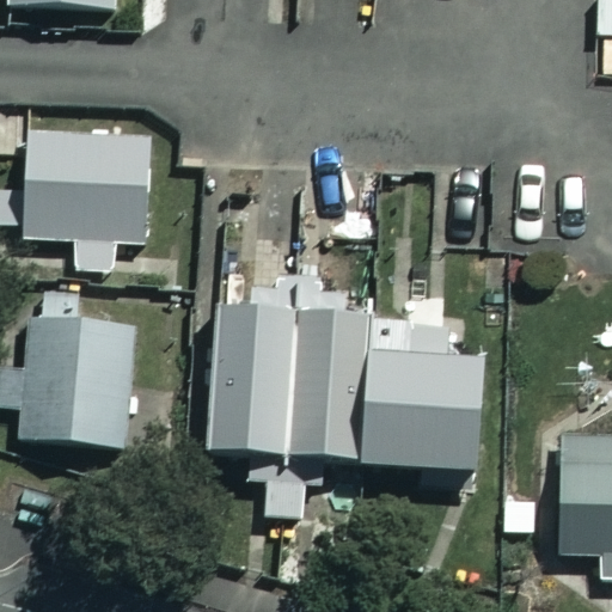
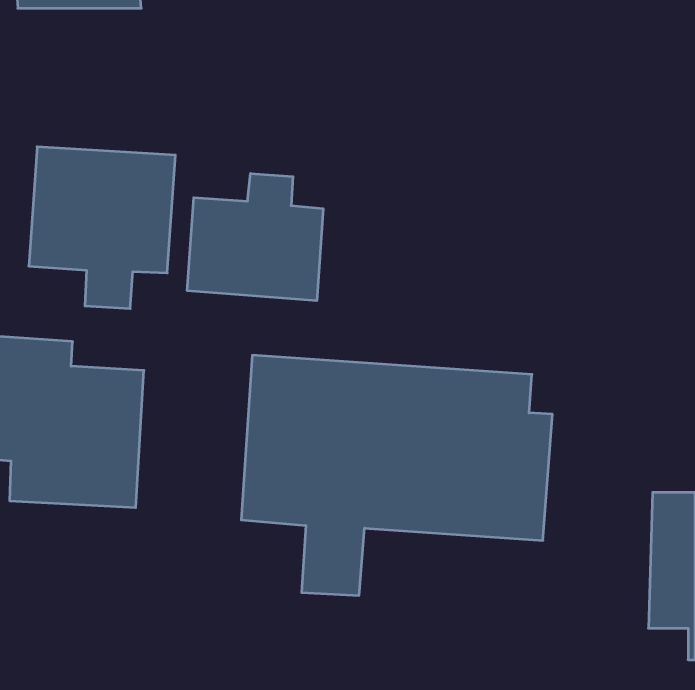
building: none -> [187,173,323,301]

